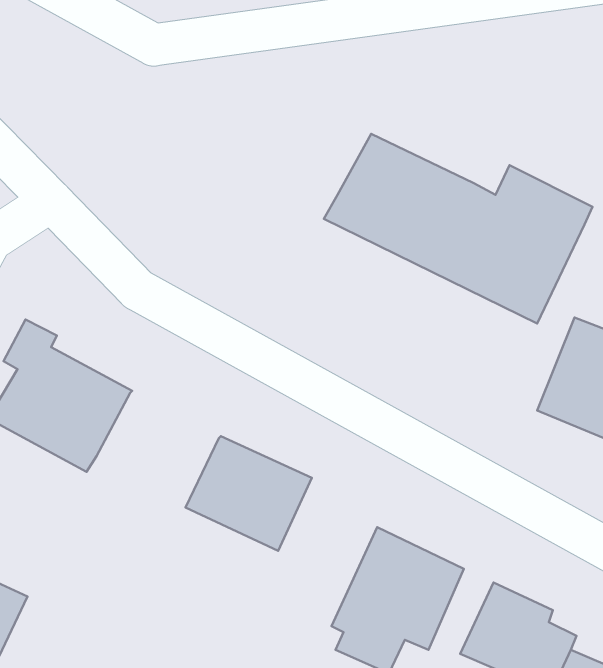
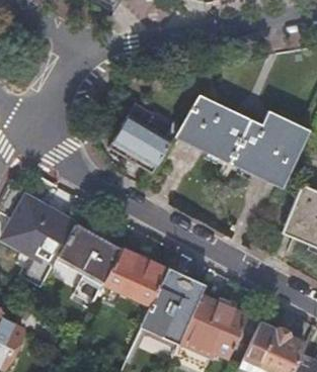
building: none -> [108,103,180,174]
building: none -> [57,224,120,298]
building: none -> [140,266,205,344]

